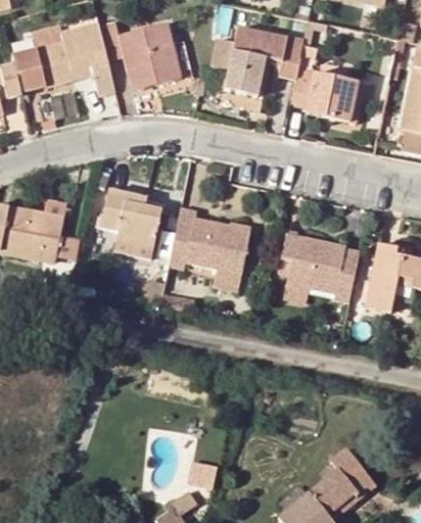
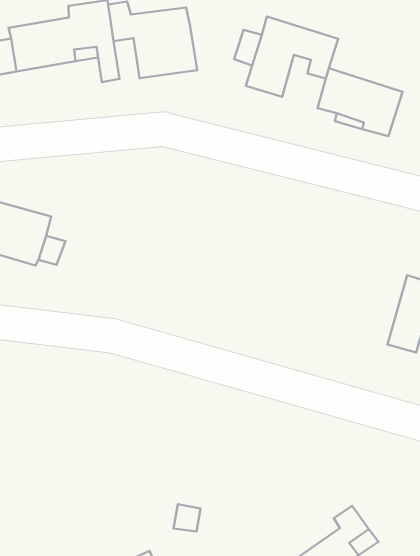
building: [101,188,162,257] -> none
building: [168,206,251,273] -> none
building: [283,235,360,299] -> none

